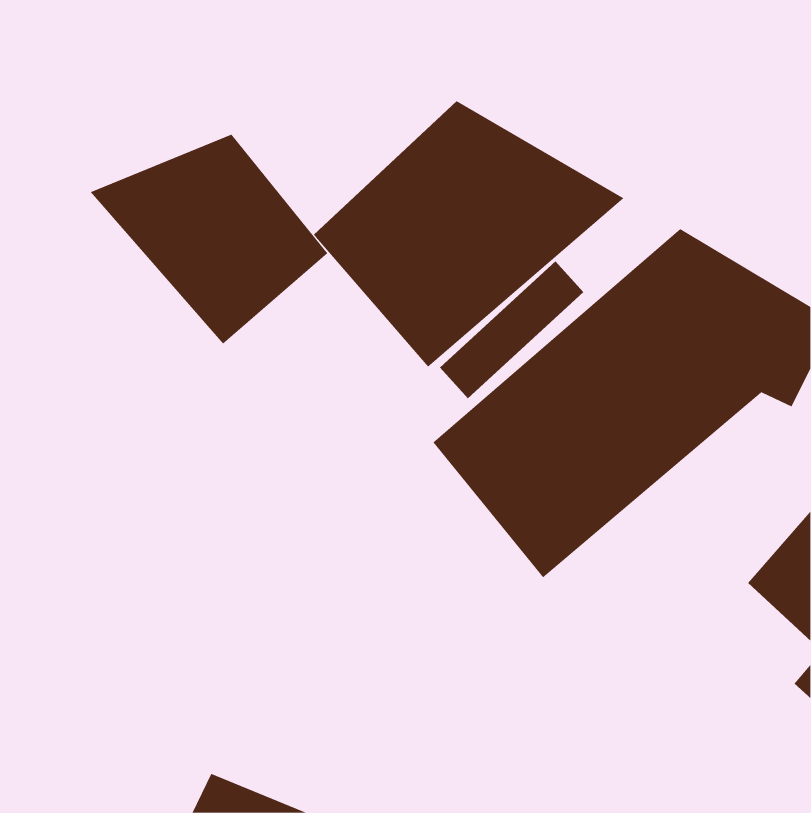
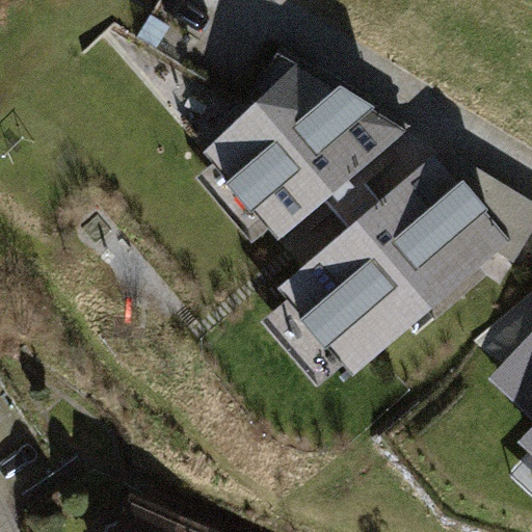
building: [90,134,328,345] -> none

